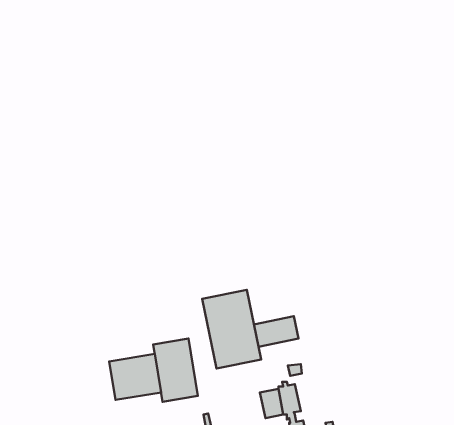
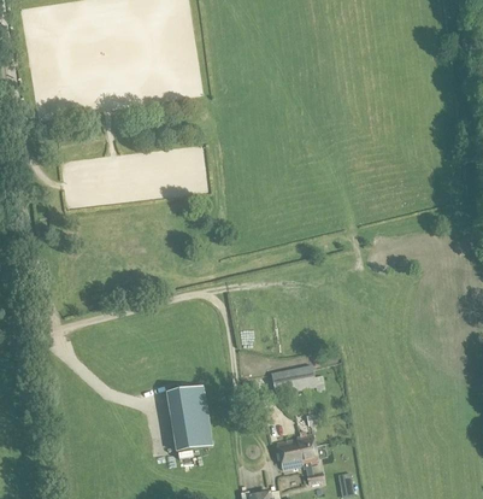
building: [202,290,261,369] -> none
building: [109,354,161,400] -> none

